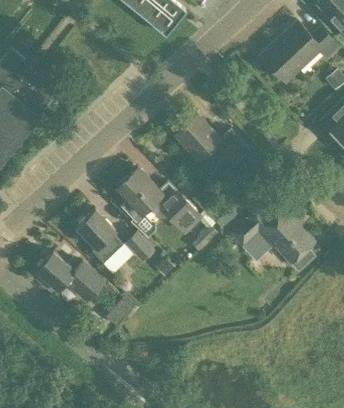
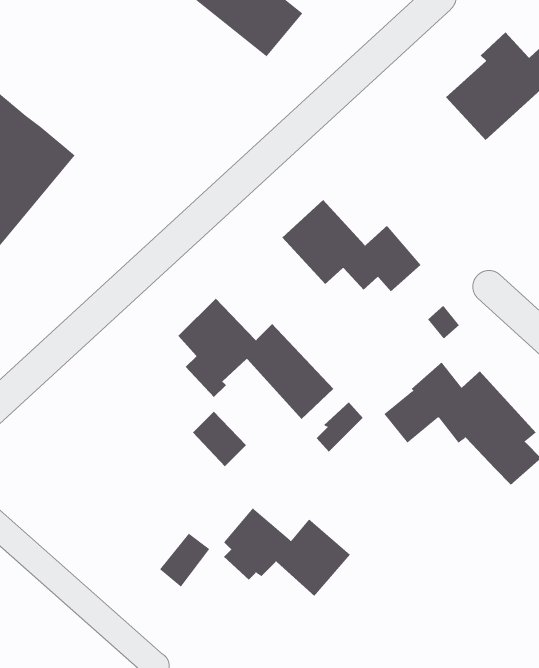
building: [74,209,121,262] -> none
building: [35,252,105,301] -> [223,507,351,597]

